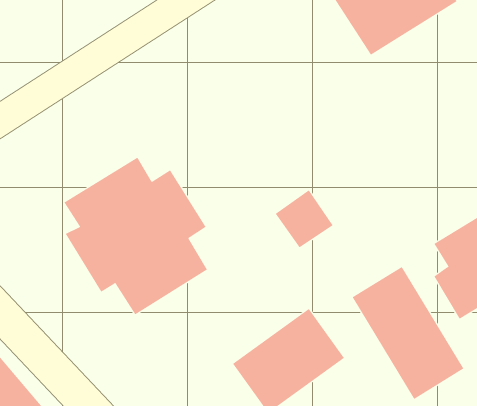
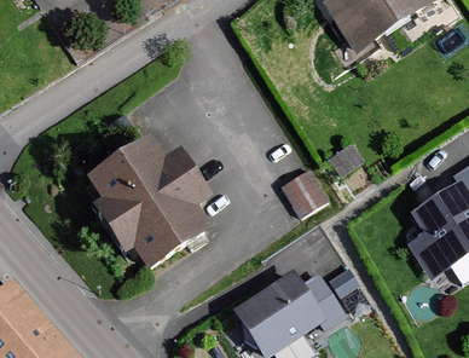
building: [352,266,464,400] -> none

